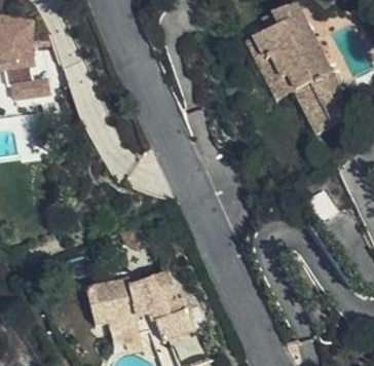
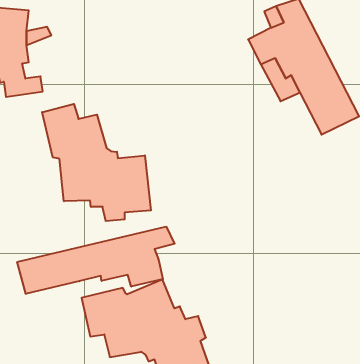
building: none -> [42,104,151,221]
building: none -> [17,227,175,294]

